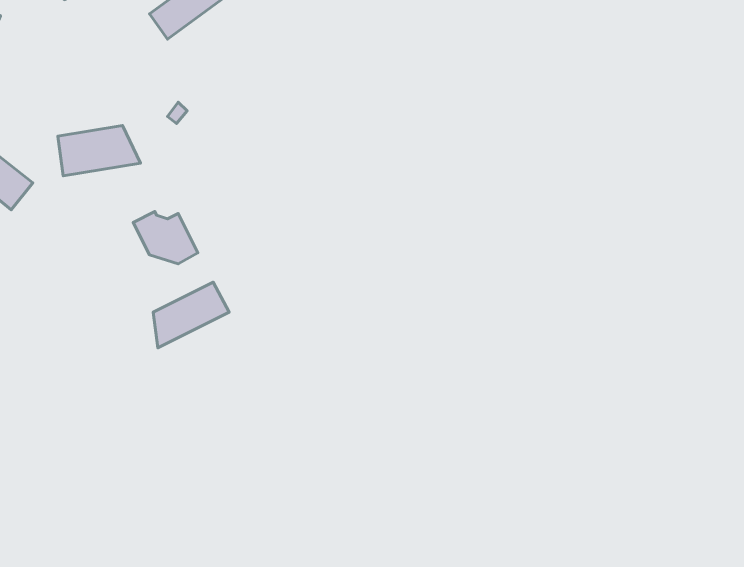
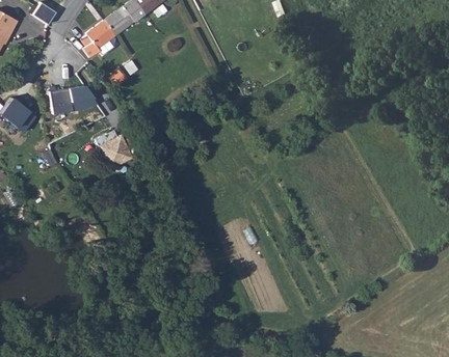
building: none -> [82,20,114,56]
building: [153,282,229,348] -> none

